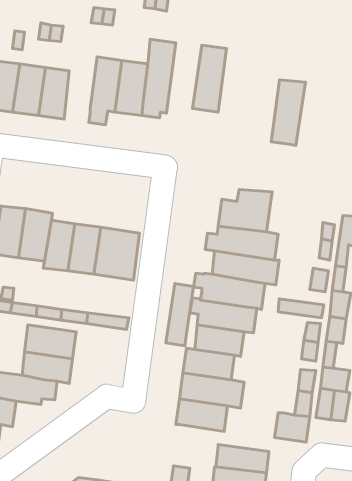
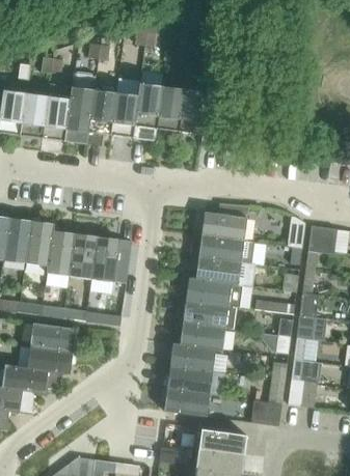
building: none -> [64,84,93,143]
building: [271,80,305,146] -> [156,74,186,132]
building: [166,284,194,346] -> none

